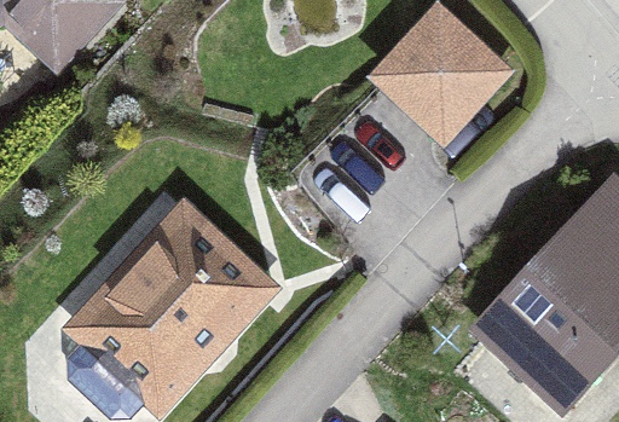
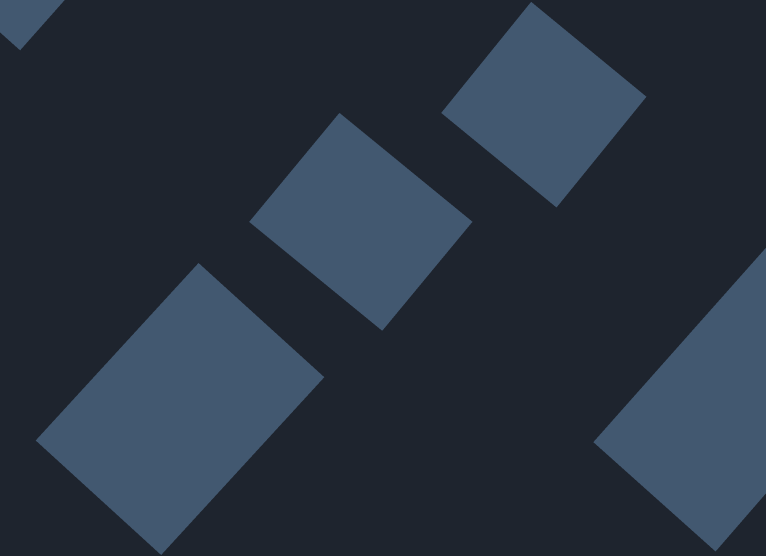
building: none -> [248,112,473,332]

